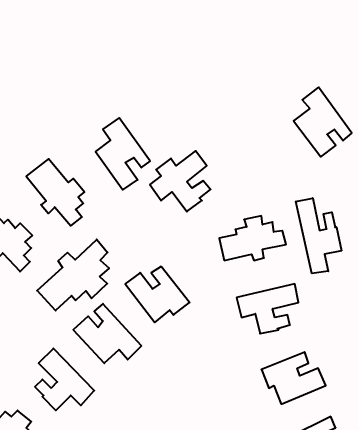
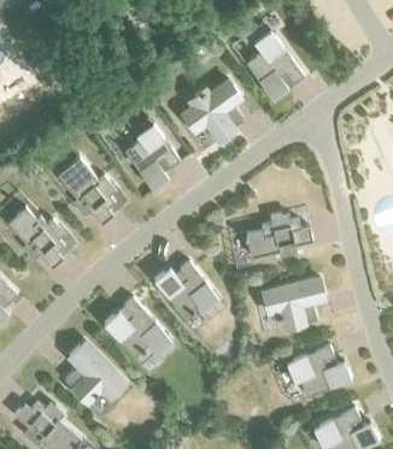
building: [294,87,352,157] -> [246,30,303,98]
building: [150,151,211,212] -> [183,82,242,141]
building: [296,198,341,273] -> none
building: [37,239,109,311] -> none

